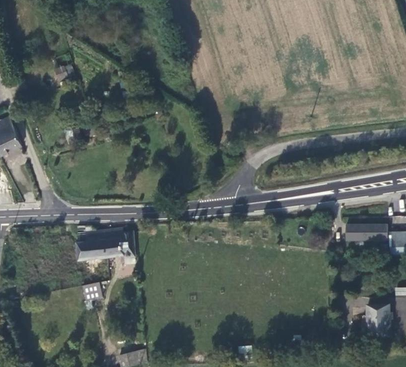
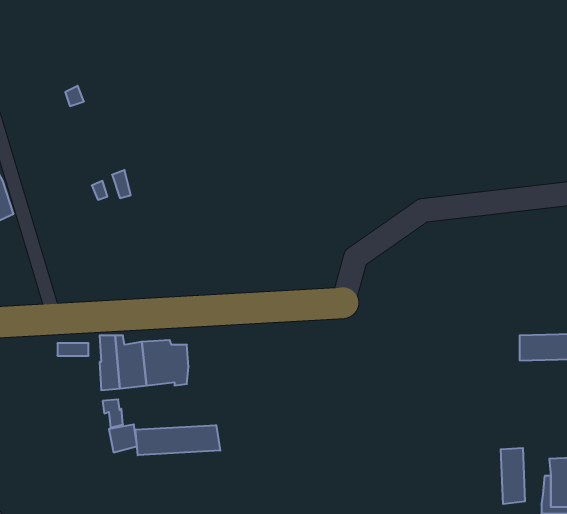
building: none -> [136,425,220,455]
building: none -> [501,448,525,504]

